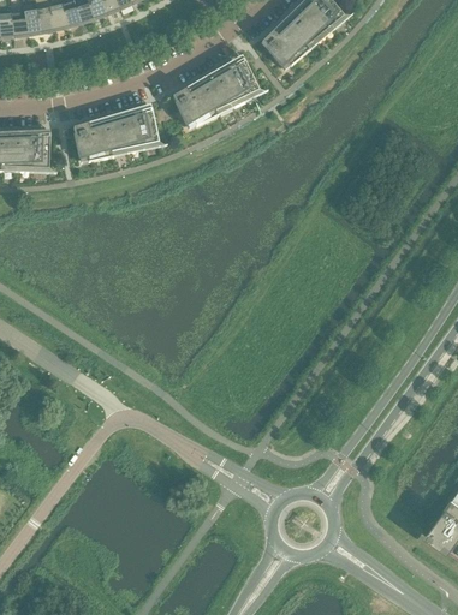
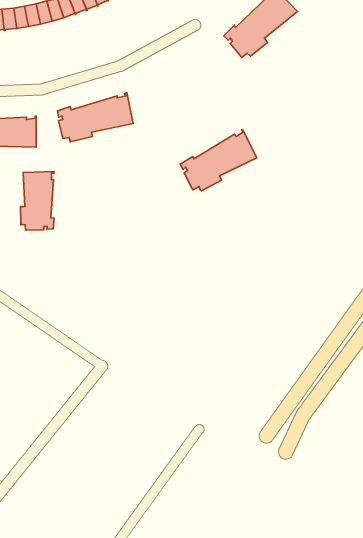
building: [172,56,258,125] -> [180,130,257,191]
building: none -> [21,171,54,230]

